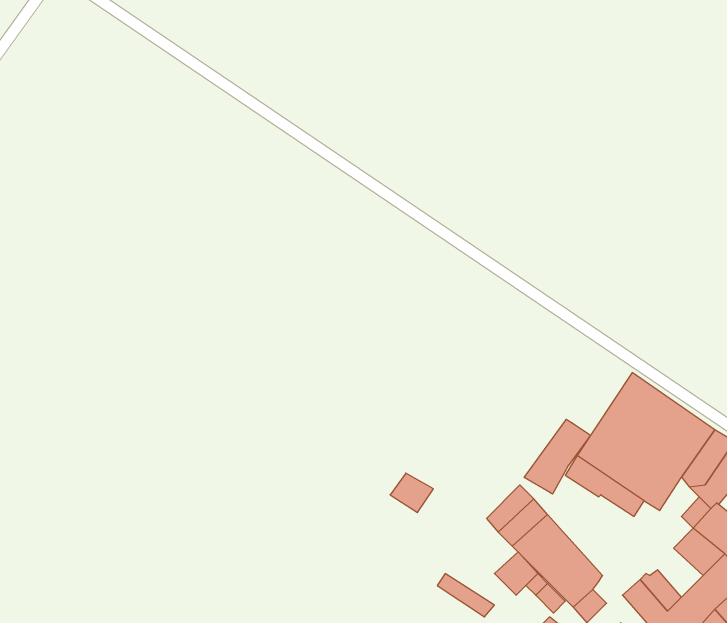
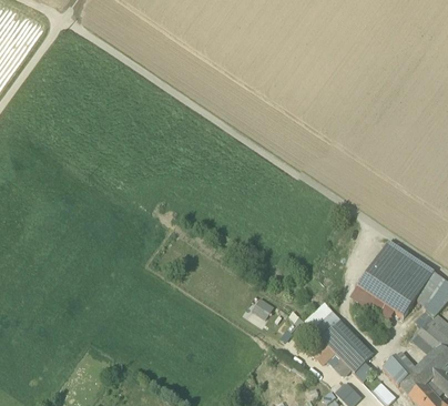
building: [524,419,591,494] -> none

